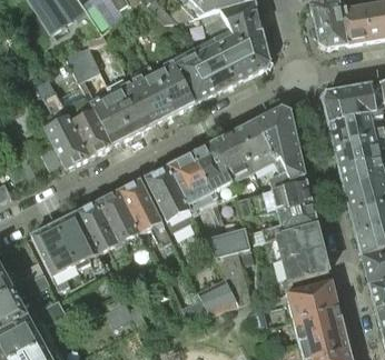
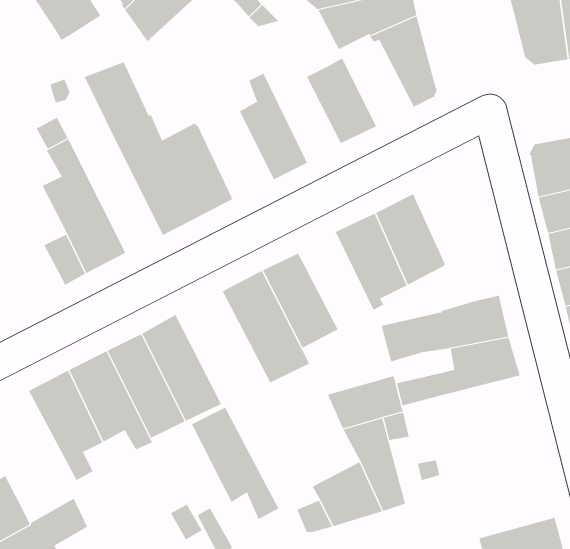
building: [214,32,255,82] -> none
building: [168,49,213,103] -> none
building: [131,68,174,122] -> none
building: [58,86,109,156] -> none
building: [255,107,303,189] -> none
building: [191,143,231,198] -> none
building: [120,180,171,246] -> [191,407,279,520]
building: [274,227,328,282] -> none
building: [286,280,337,321] -> none

